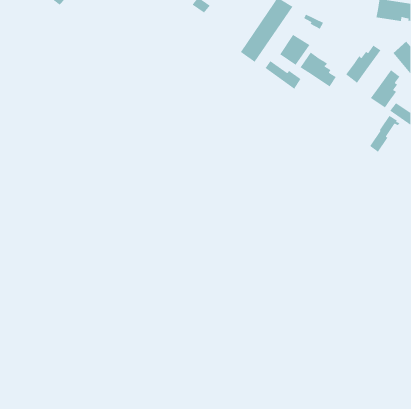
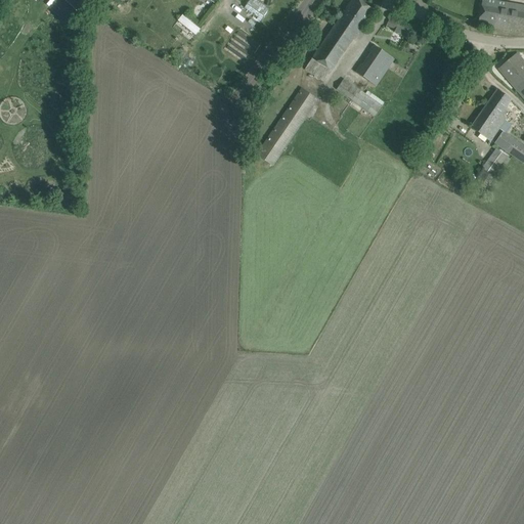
building: [345,45,381,84] -> none
building: [300,52,337,87] -> none
building: none -> [256,86,318,165]

